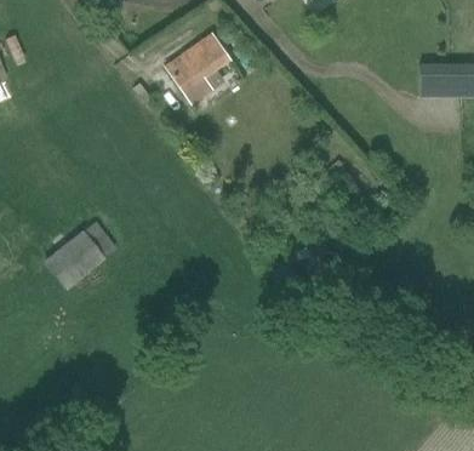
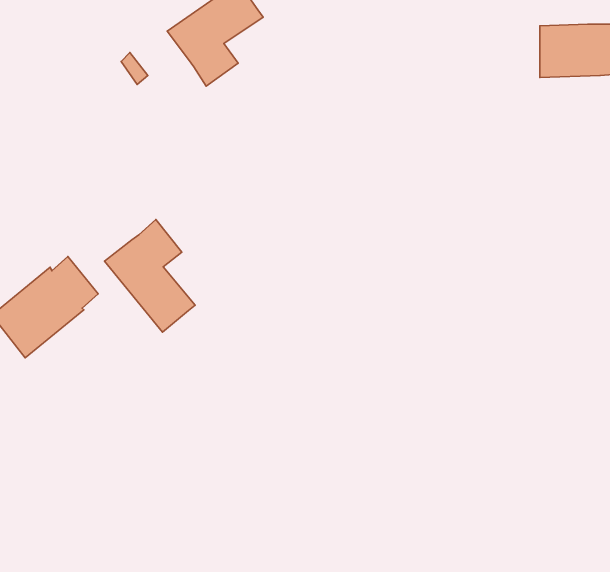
building: none -> [104,220,195,332]

